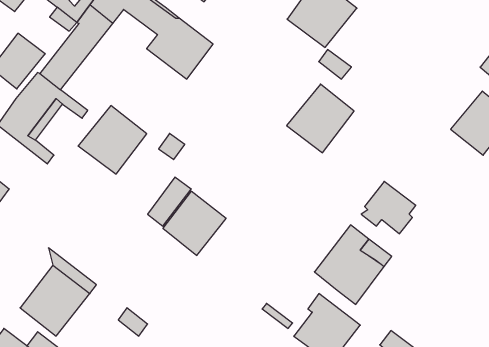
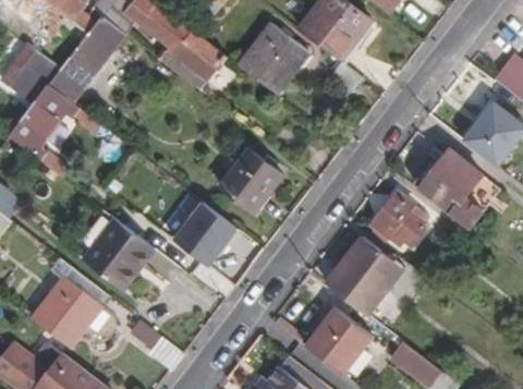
building: [287,84,354,153] -> [238,23,305,92]
building: [78,106,147,174] -> [83,218,151,287]
building: none -> [417,148,481,228]
building: none -> [219,149,281,211]

